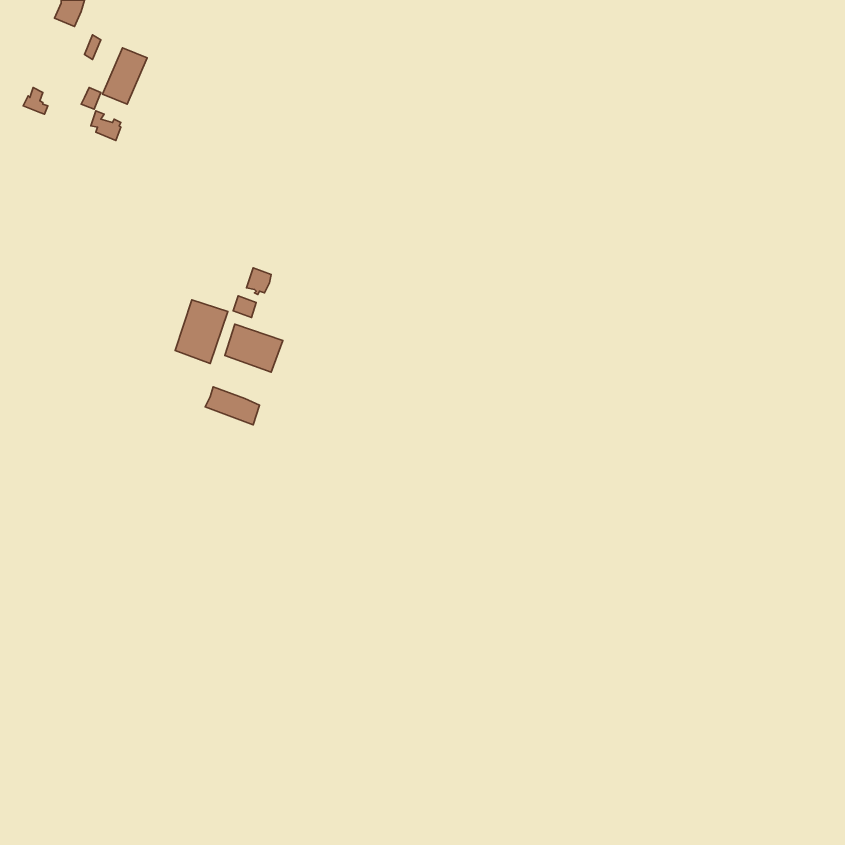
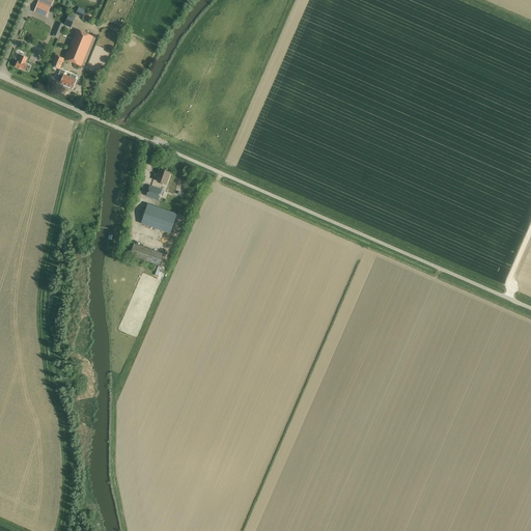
building: [175,300,228,363] -> none

